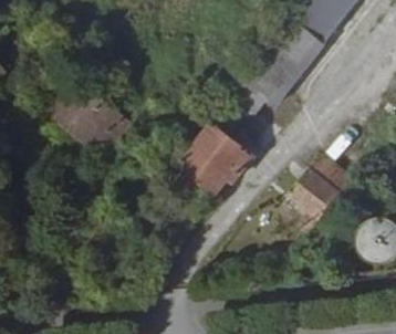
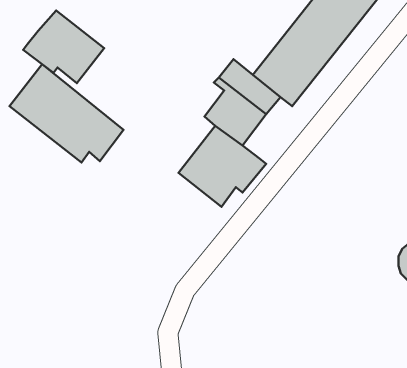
building: none -> [23,10,104,83]
building: [292,152,354,230] -> none

